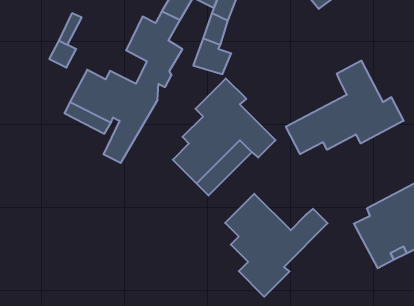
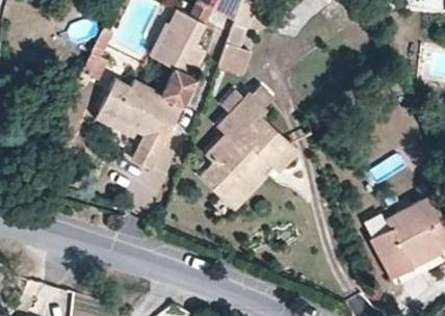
building: [286,61,404,154] -> none
building: [225,194,328,297] -> none

